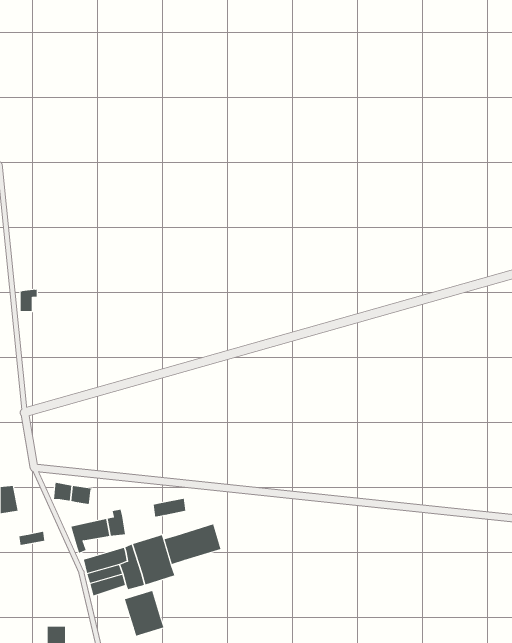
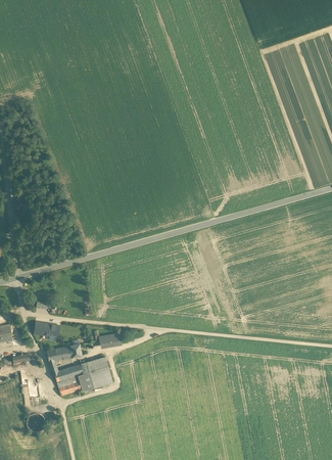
building: [164,524,221,565] -> none
building: [124,590,164,636] -> none

